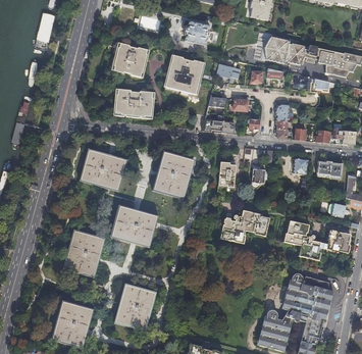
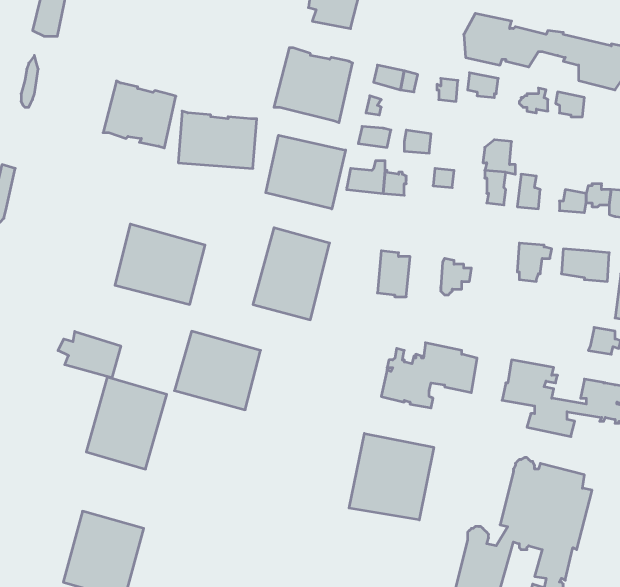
building: [110,42,149,78] -> [103,81,176,148]
building: none -> [266,135,346,209]
building: none -> [58,331,121,378]
building: none -> [349,433,434,520]
building: [113,284,156,332] -> none

